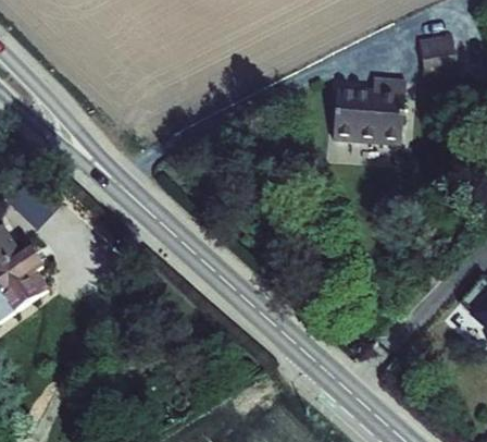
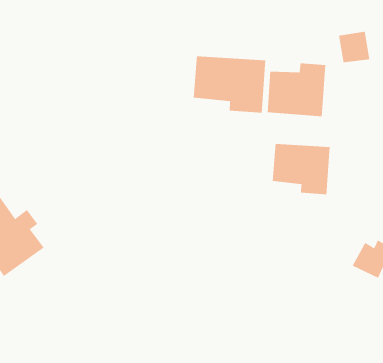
building: none -> [193,56,266,114]
building: none -> [272,143,330,195]

